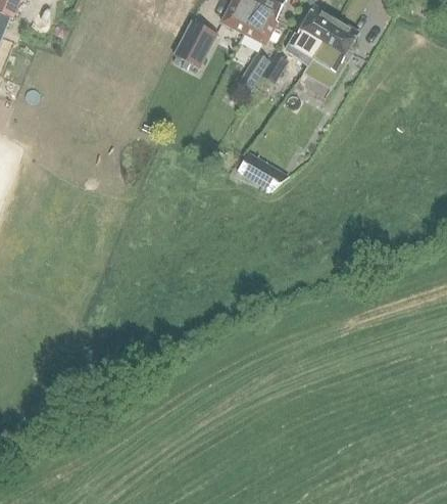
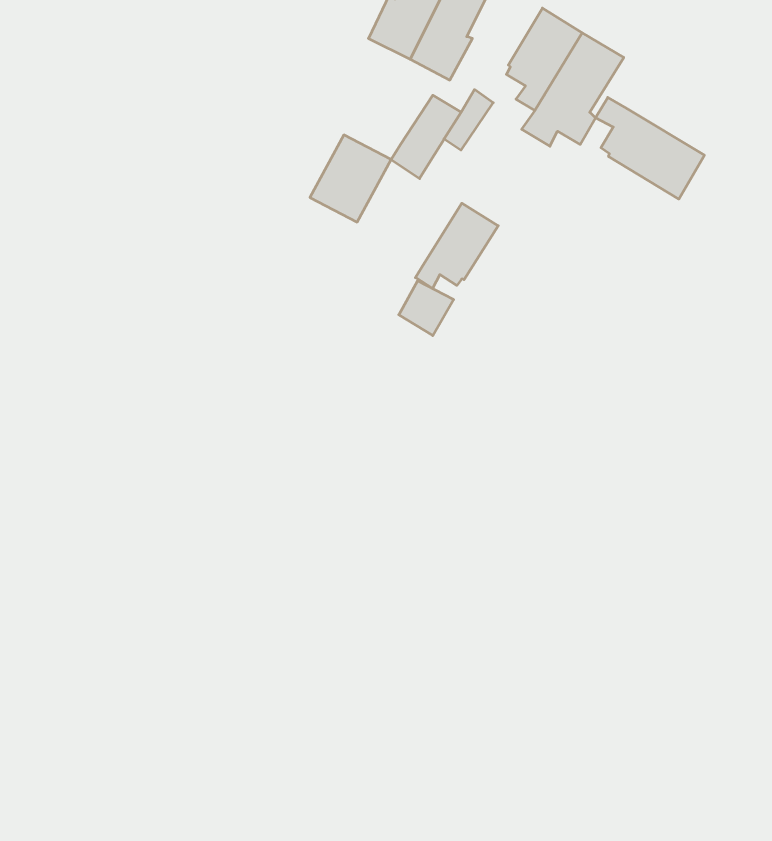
building: [171,19,215,66] -> [310,135,391,222]
building: none -> [595,97,704,199]
building: none -> [415,203,498,288]

